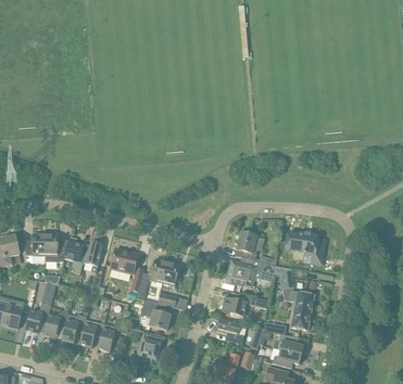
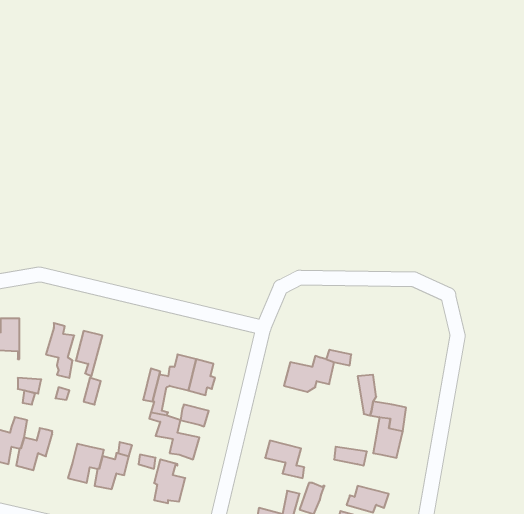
building: [235,230,257,259] -> none
building: [286,231,326,264] -> none
building: [46,232,70,261] -> none
building: [111,247,138,272] -> none
building: [222,294,268,316] -> none
building: [62,312,87,342] -> none
building: [274,333,305,354] -> none

